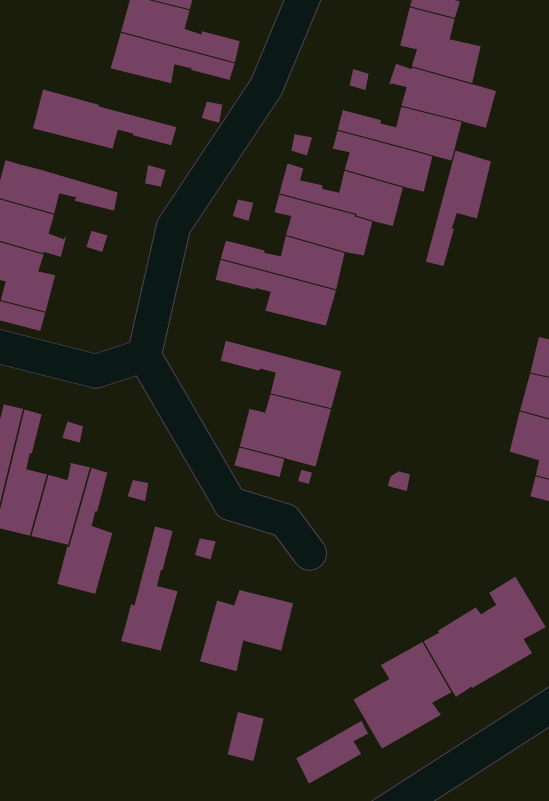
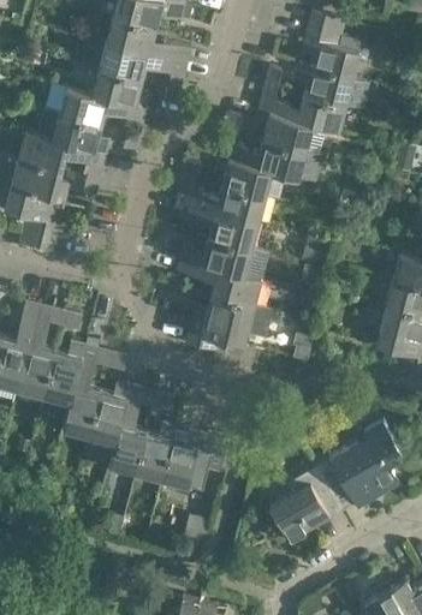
building: none -> [93,67,150,108]
building: none -> [38,109,111,154]
building: [425,150,491,267] -> none
building: none -> [180,237,251,274]
building: none -> [87,383,131,455]
building: none -> [136,424,177,482]
building: [294,720,370,784] -> none

